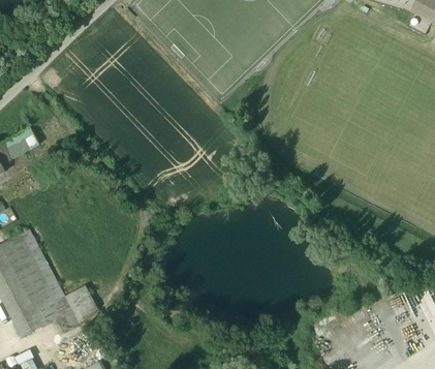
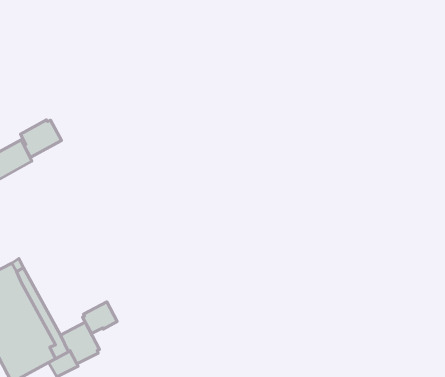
building: none -> [21,120,62,157]
building: none -> [82,302,117,334]

